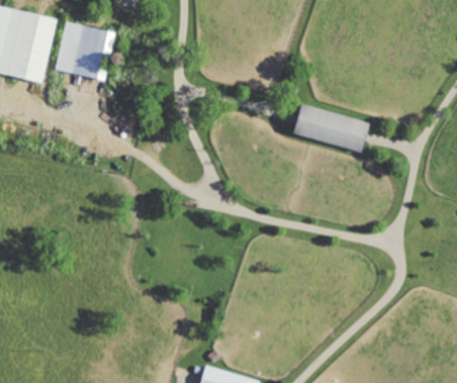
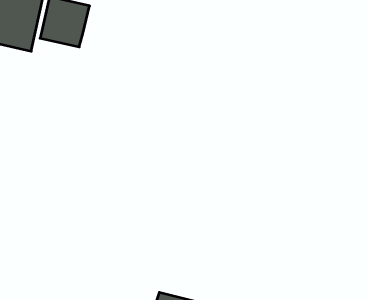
building: [285,102,362,151] -> none

